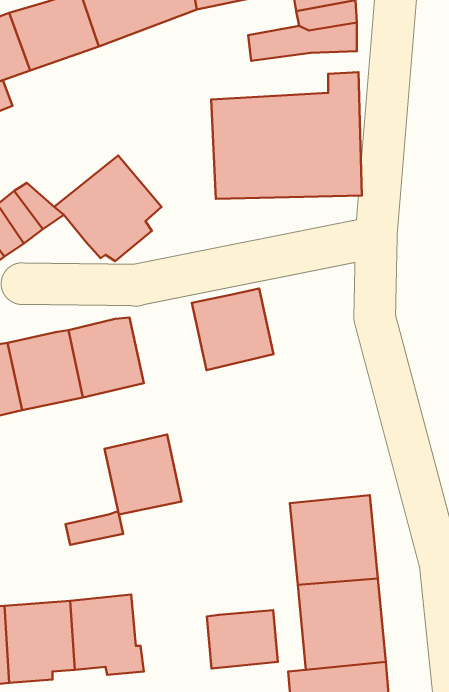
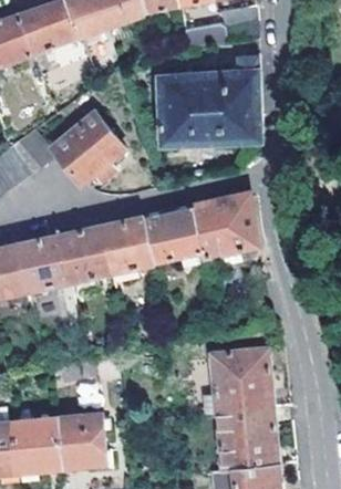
building: none -> [190,191,261,257]
building: [105,434,181,514] -> [101,215,154,270]
building: [207,610,278,668] -> none

